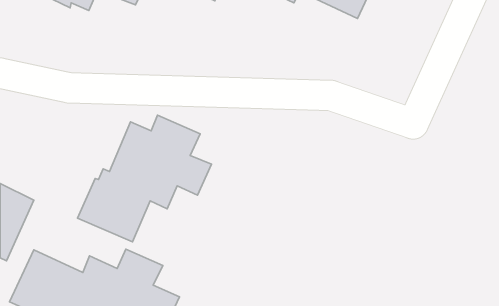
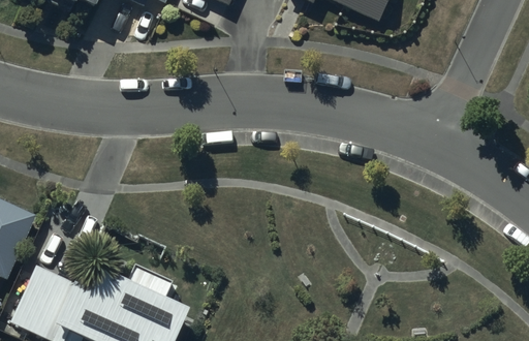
building: [77,115,211,242] -> none

